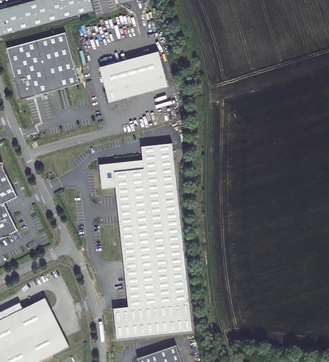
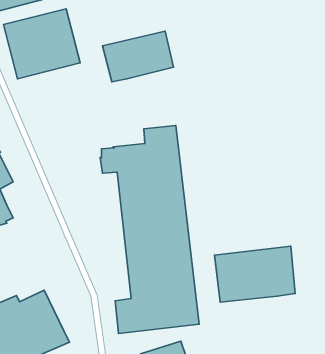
building: none -> [215,246,295,302]

